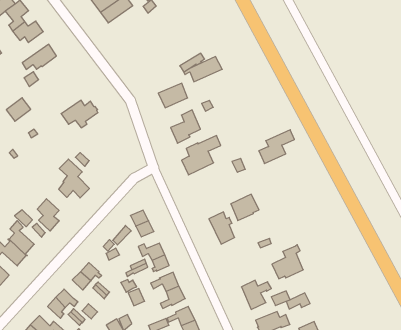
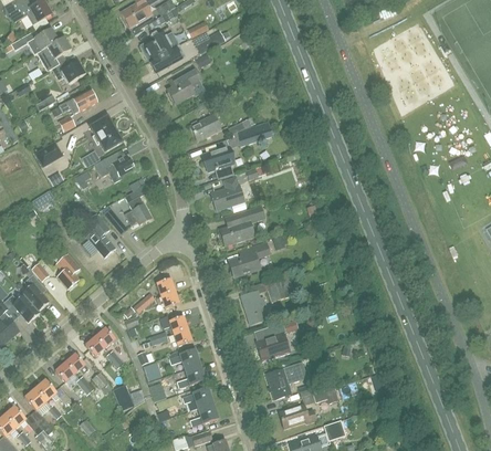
building: none -> [167,65,201,104]
building: none -> [190,114,221,140]
building: none -> [91,117,123,153]
building: [259,130,294,164] -> [230,242,270,275]
building: none -> [124,187,152,223]
building: [272,245,303,279] -> [255,323,289,357]

